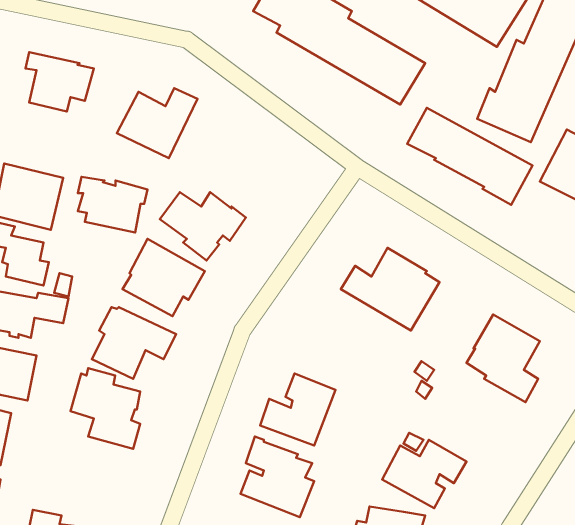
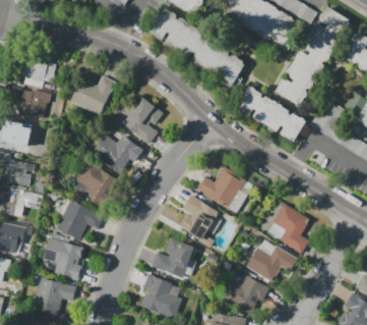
building: none -> [123,97,164,144]
building: [78,177,148,233] -> [11,87,51,118]
building: none -> [180,194,217,240]
building: none -> [246,239,298,282]
building: none -> [35,277,76,310]

